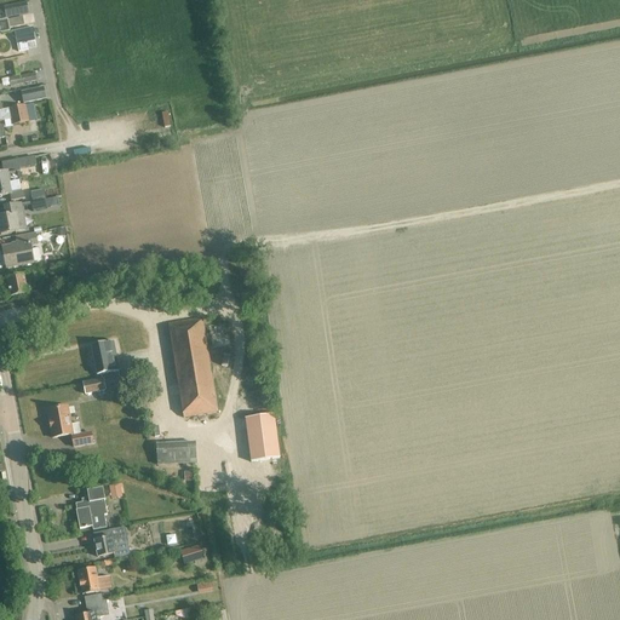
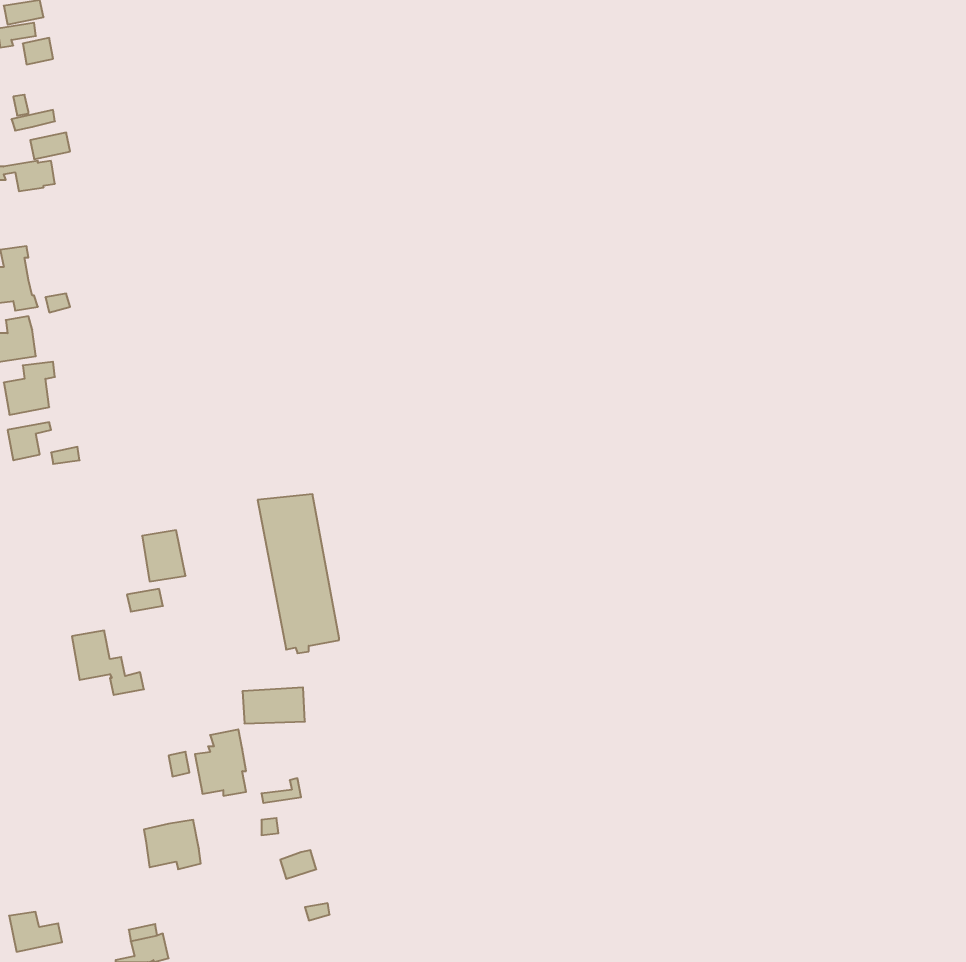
building: [243,413,279,459] -> none
building: [73,486,105,528] -> [195,729,246,796]
building: [76,567,110,592] -> [9,912,62,952]

